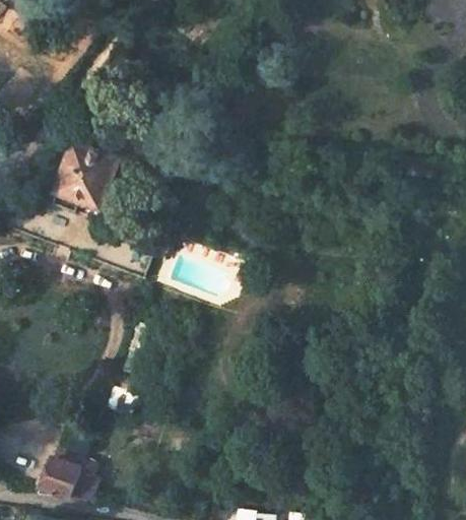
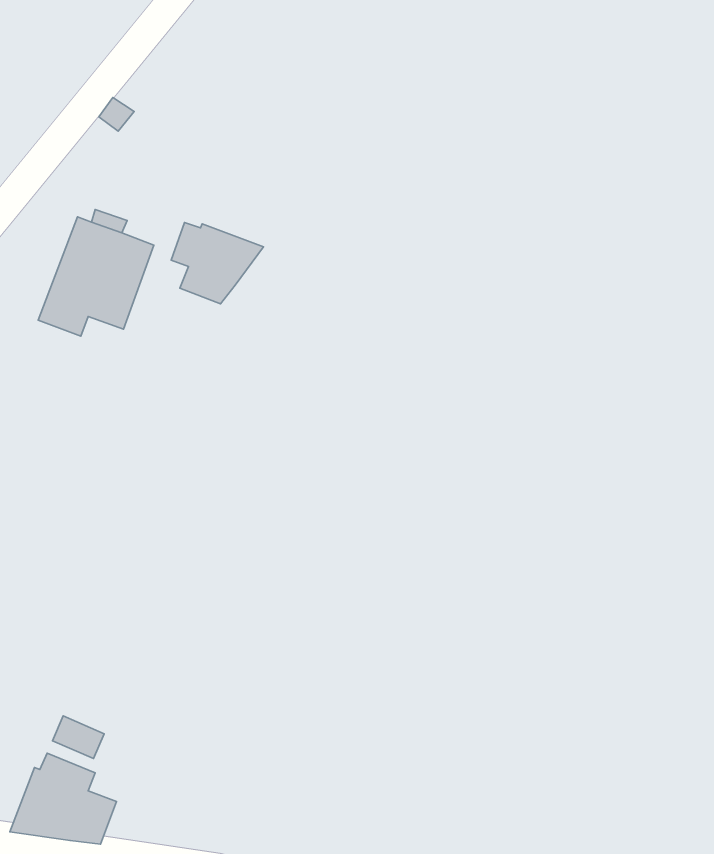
building: none -> [171,223,263,304]

